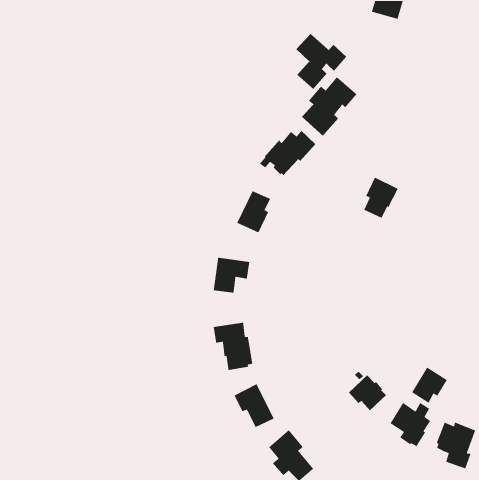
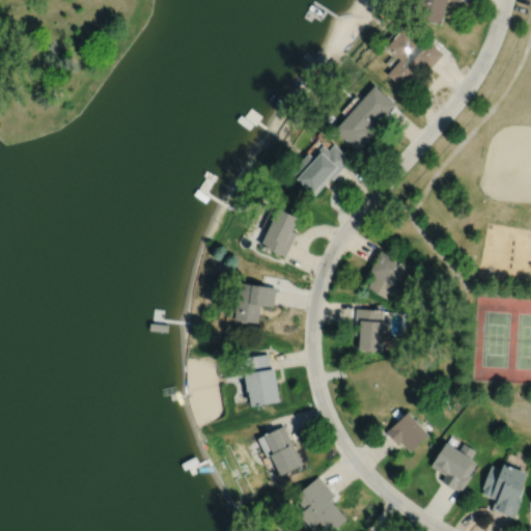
building: [295,33,347,90] -> [386,28,443,90]
building: [363,176,399,219] -> [367,252,407,299]
building: none -> [355,309,384,353]
building: [411,367,448,404] -> none

